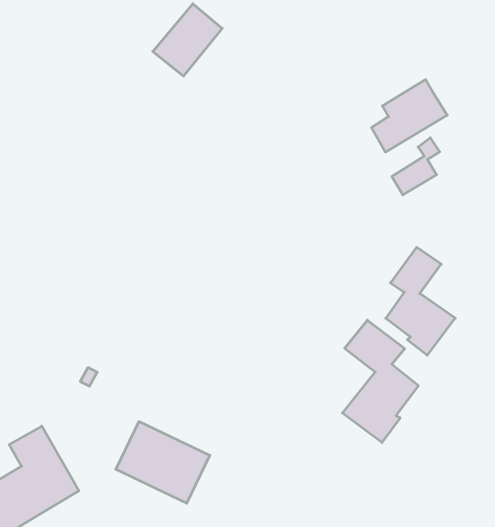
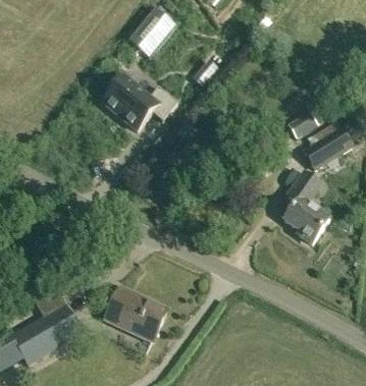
building: [372,80,447,152] -> [301,122,351,170]
building: none -> [102,76,176,130]
building: [342,320,418,443] -> none

